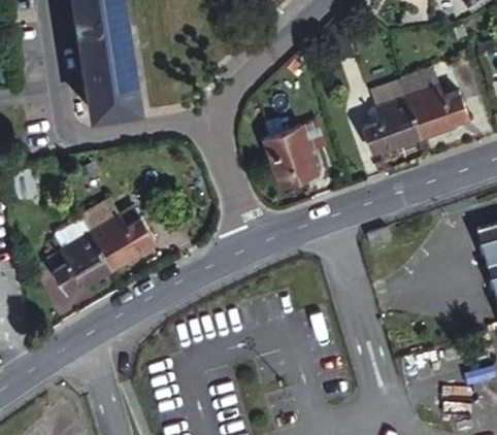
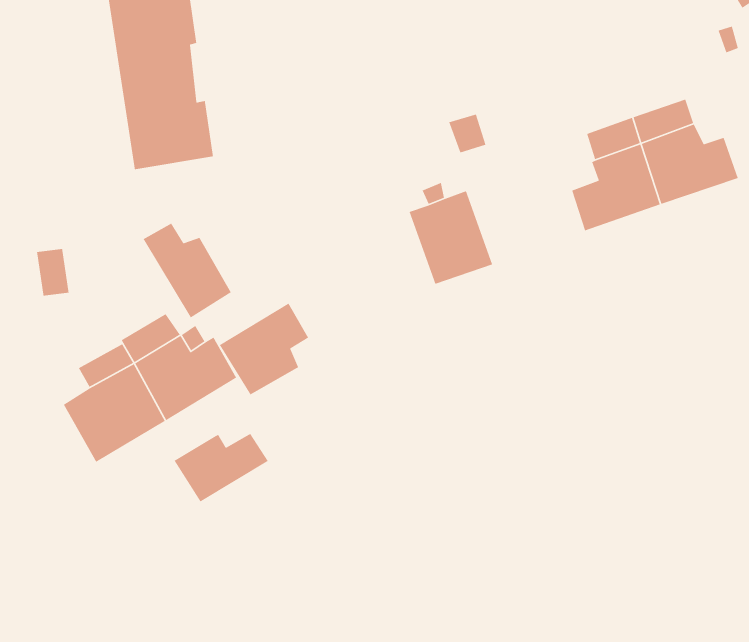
building: none -> [143,222,232,319]
building: none -> [219,303,309,395]
building: none -> [173,433,269,502]

